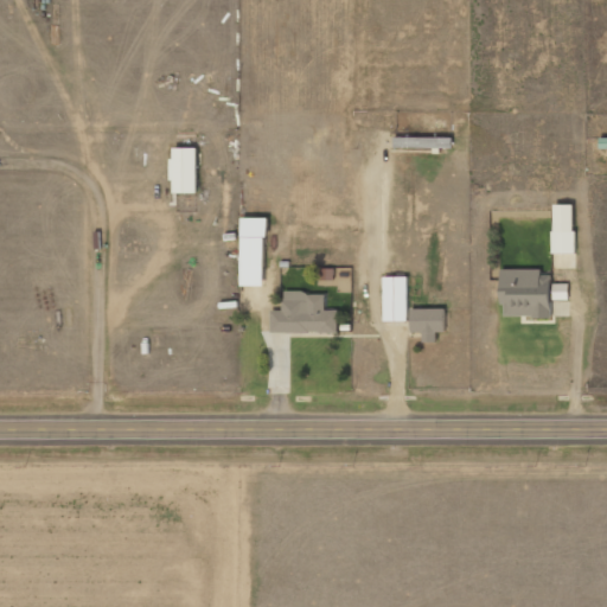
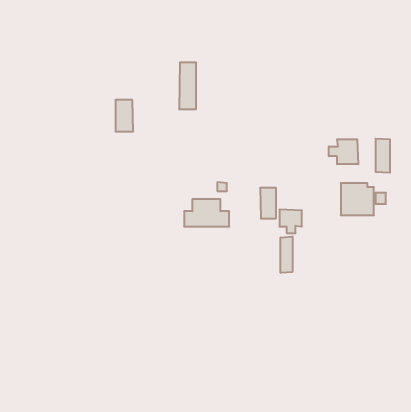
building: none -> [329,139,358,164]
building: [239,217,264,286] -> [179,62,196,109]
building: none -> [281,236,292,273]

